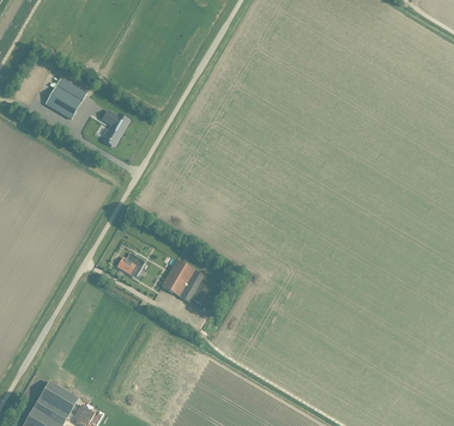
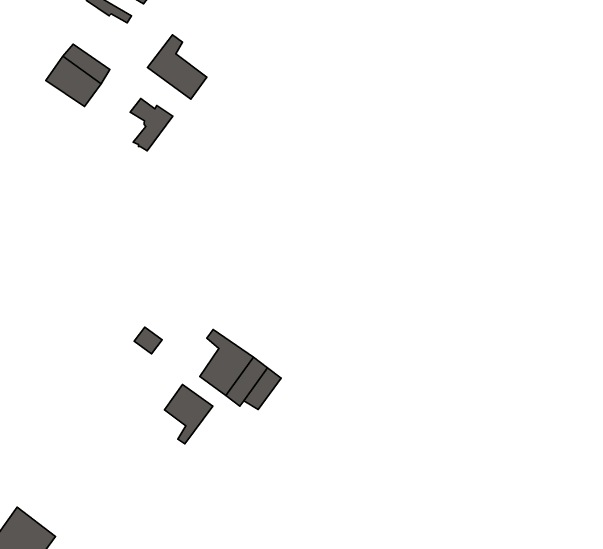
building: none -> [148,35,207,99]
building: none -> [164,384,213,444]

